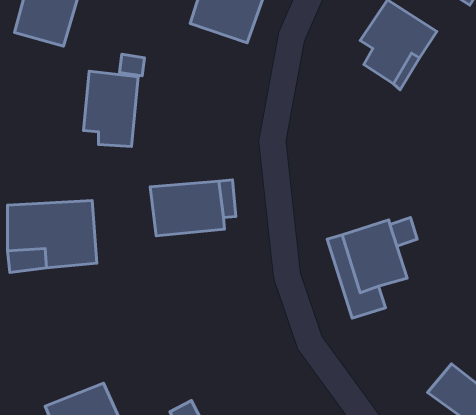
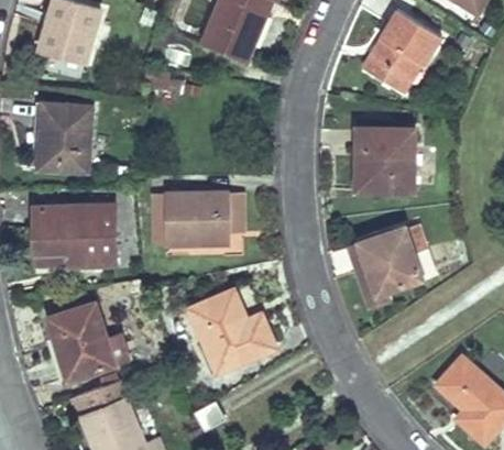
building: [84,71,138,147] -> [35,98,88,171]
building: none -> [353,133,412,201]
building: none -> [184,277,281,367]
building: none -> [45,305,113,385]

